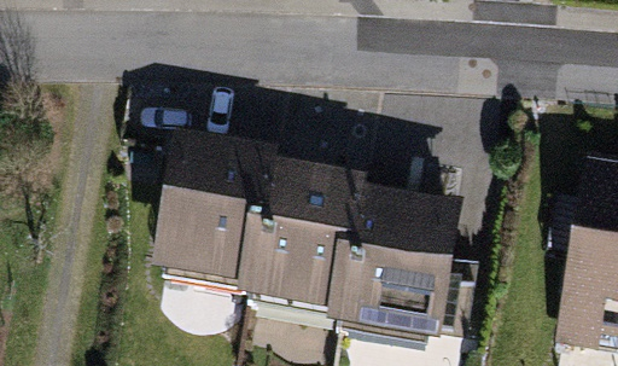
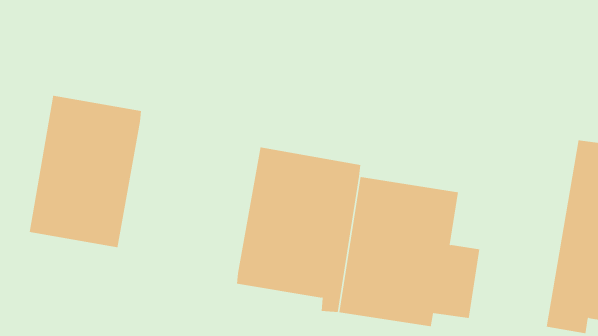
building: [152,138,267,292] -> [29,95,142,248]

